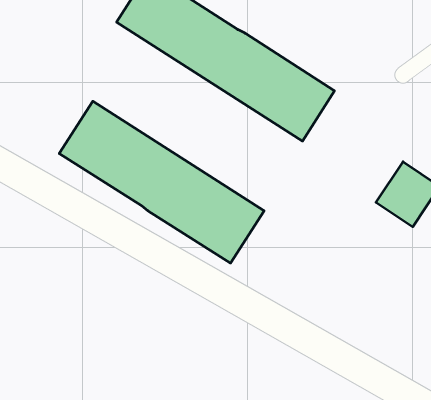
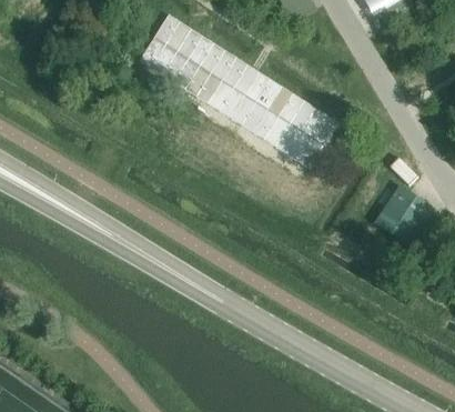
building: [59,101,264,263] -> none

